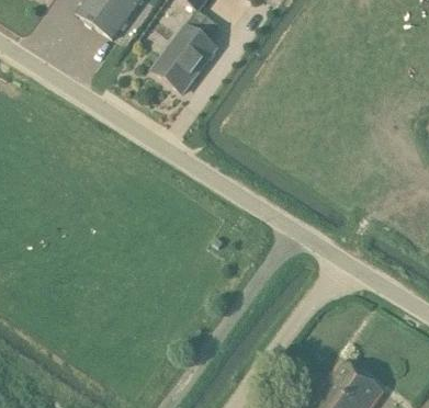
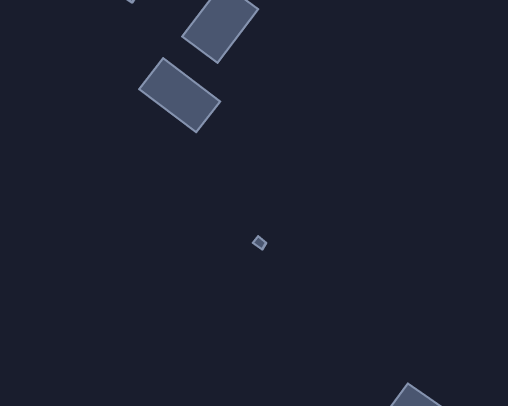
building: none -> [139,58,220,132]

